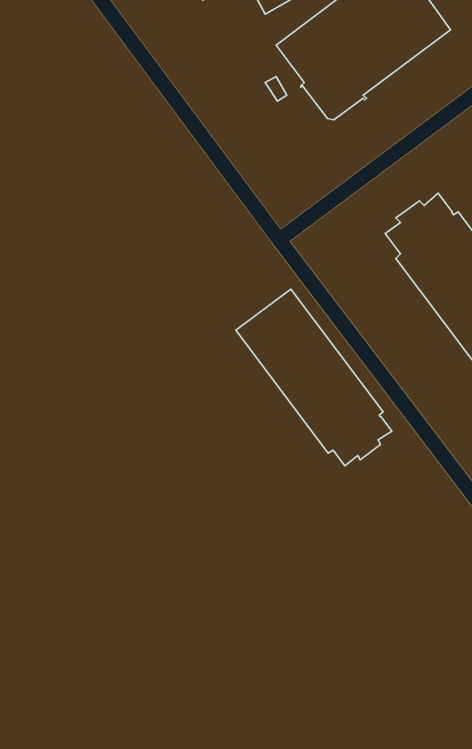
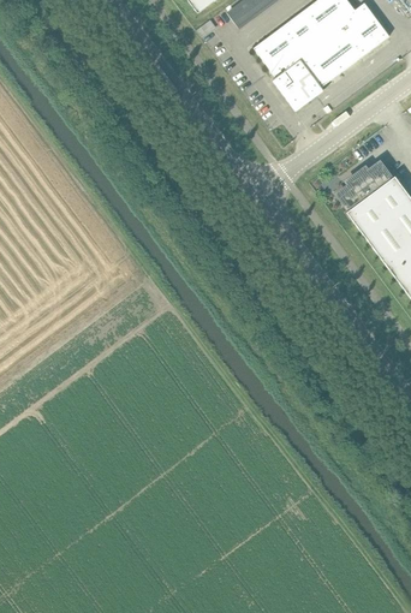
building: [236,289,392,466] -> none

